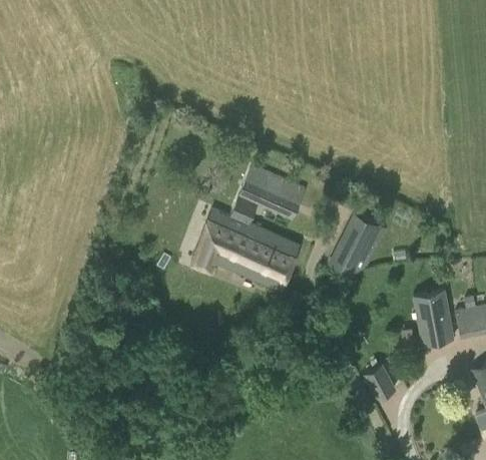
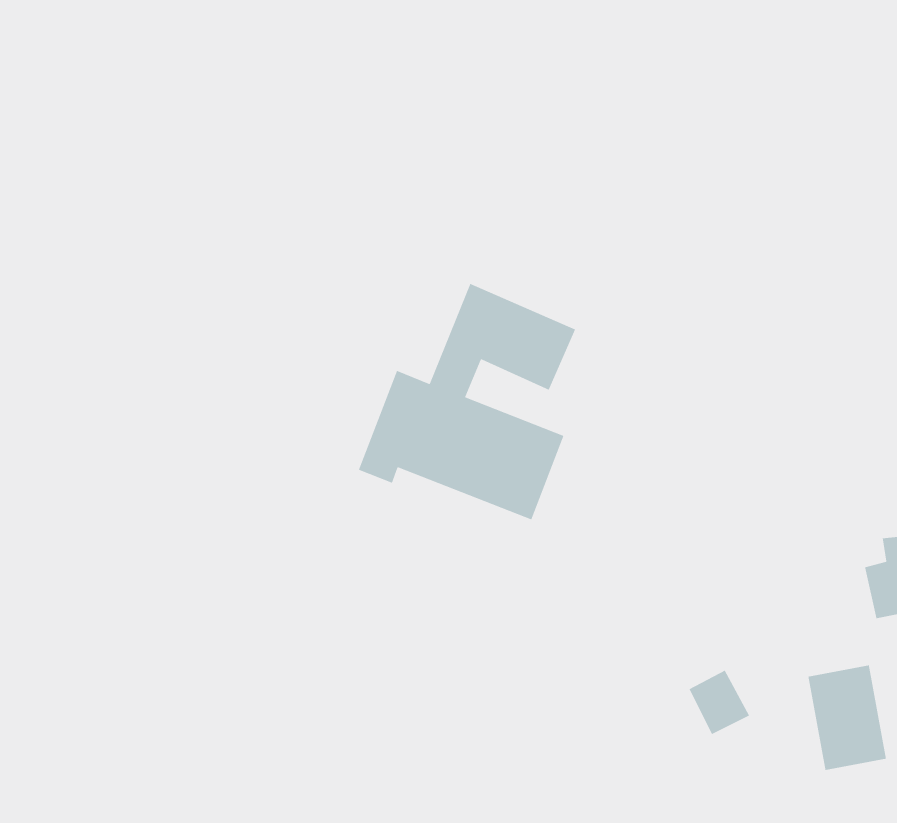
building: [328,213,386,278] -> none
building: [413,291,454,346] -> [808,665,887,771]

